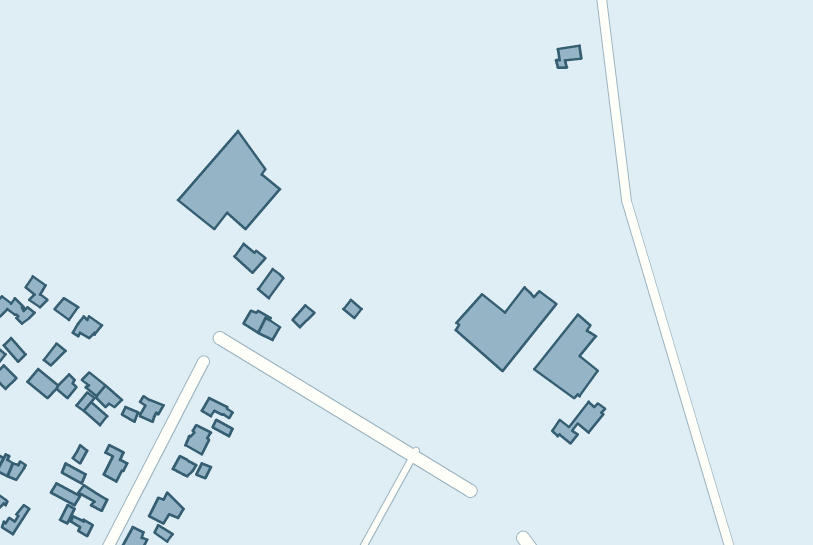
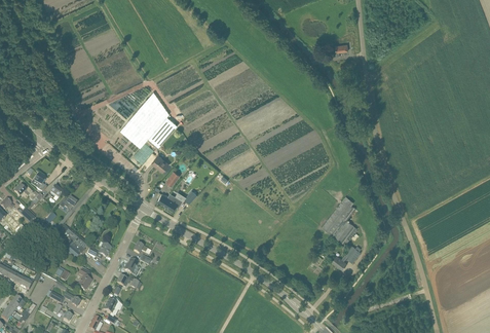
building: [456,287,556,371] -> none

